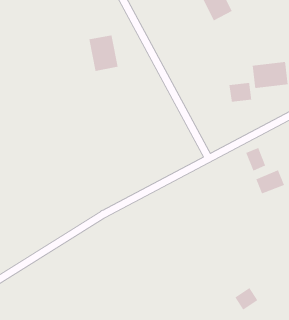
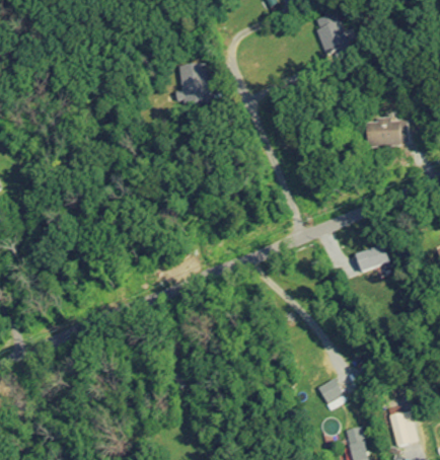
building: [229,82,252,103] -> none
building: [246,147,266,171] -> none

